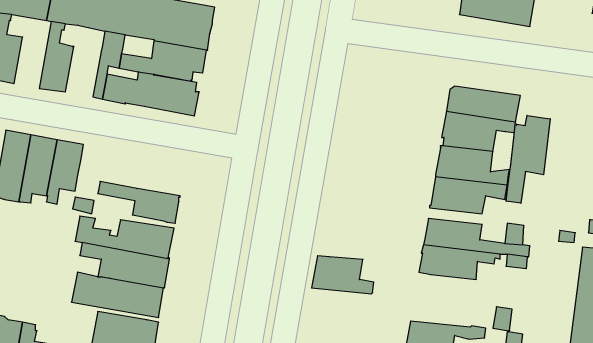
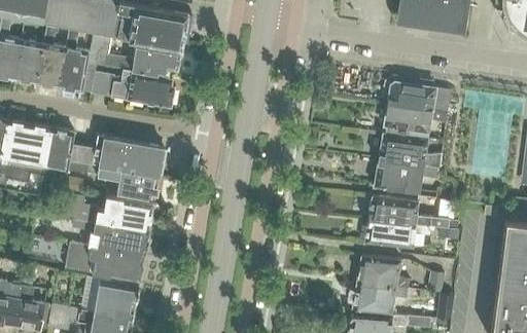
building: none -> [60,30,91,91]
building: none -> [15,40,44,84]
building: [506,115,550,203] -> none
building: none -> [70,136,164,177]
building: [312,256,374,294] -> [357,257,411,290]

